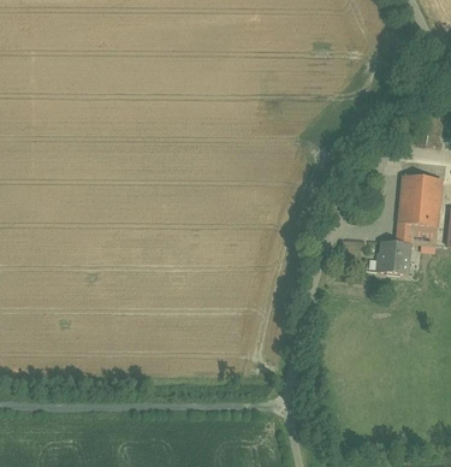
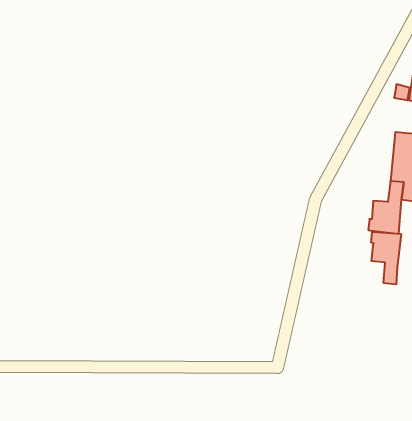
building: none -> [371,232,401,284]

